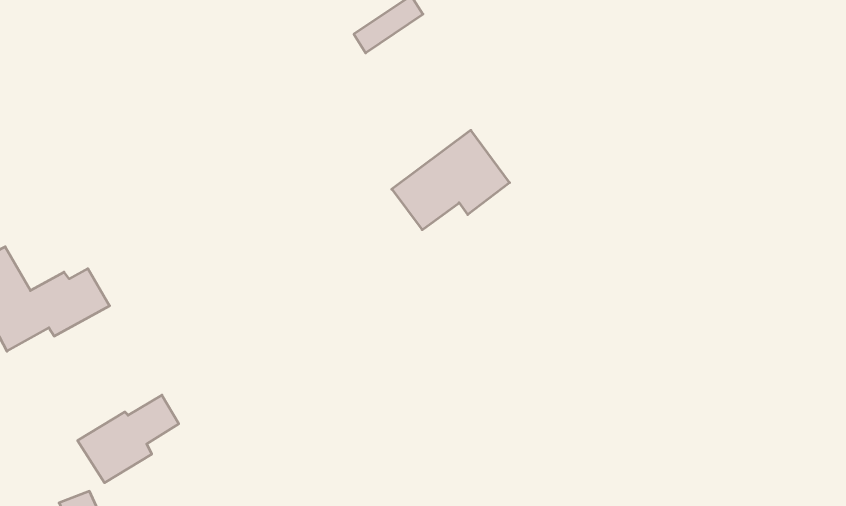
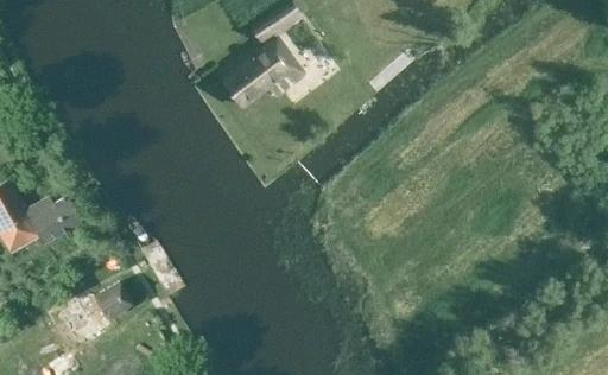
building: [392,130,510,230] -> [222,37,305,107]

